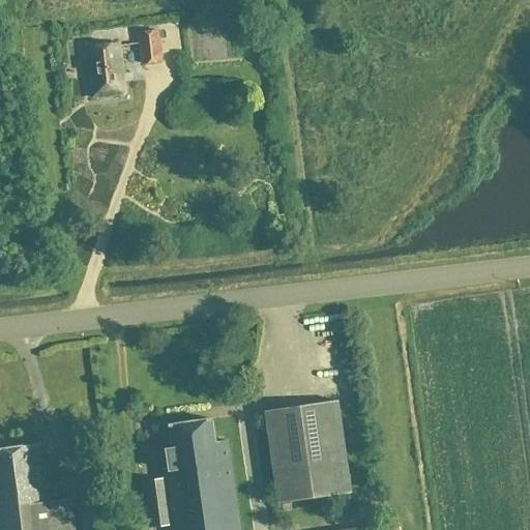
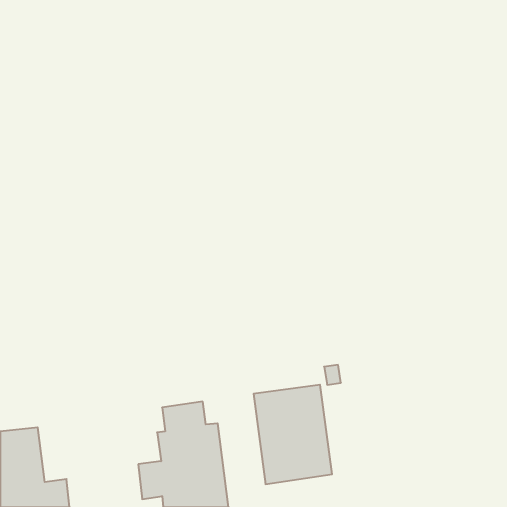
building: [138,29,163,65] -> none
building: [87,46,124,98] -> none

